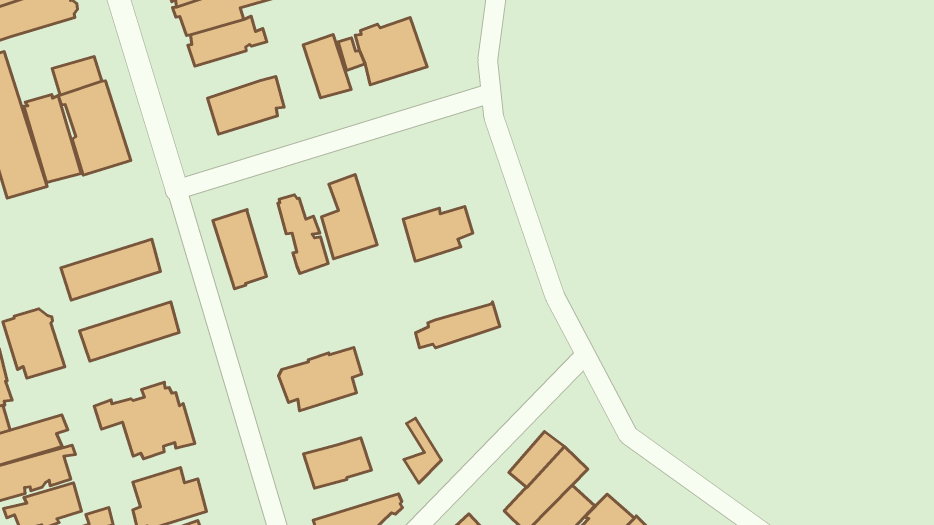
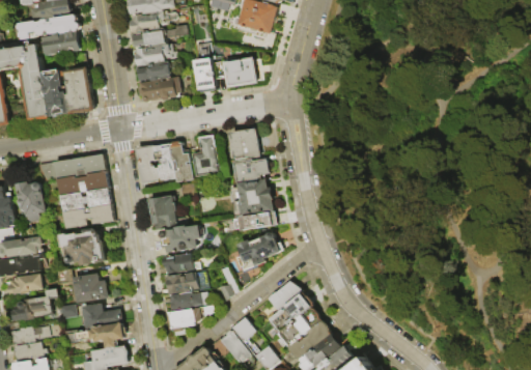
building: none -> [41,31,80,55]
building: none -> [134,61,169,83]
building: none -> [226,127,260,160]
building: none -> [152,143,174,180]
building: none -> [237,178,273,216]
building: none -> [54,170,106,195]
building: none -> [148,195,184,229]
building: none -> [59,203,111,228]
building: none -> [234,232,282,273]
building: none -> [163,253,198,275]
building: none -> [168,291,207,310]

